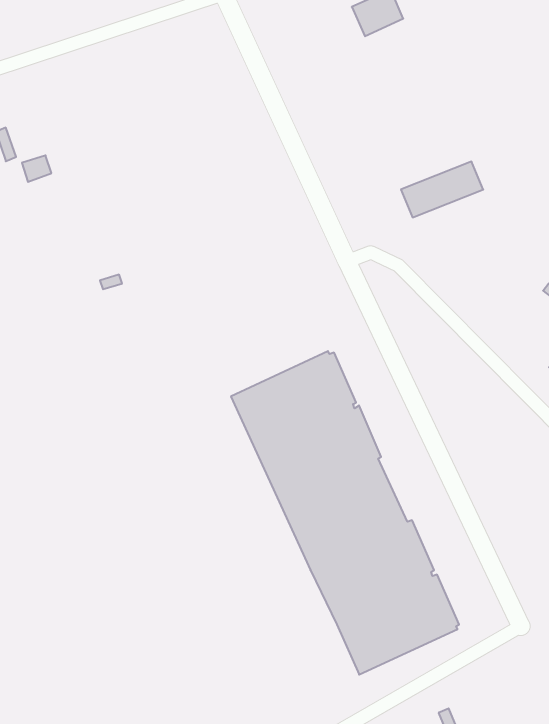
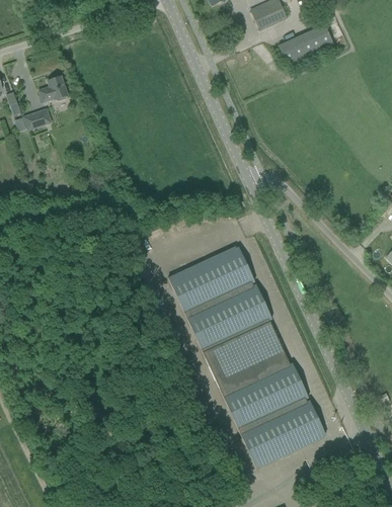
building: none -> [40,76,68,101]
building: [401,162,483,217] -> [277,23,333,62]

